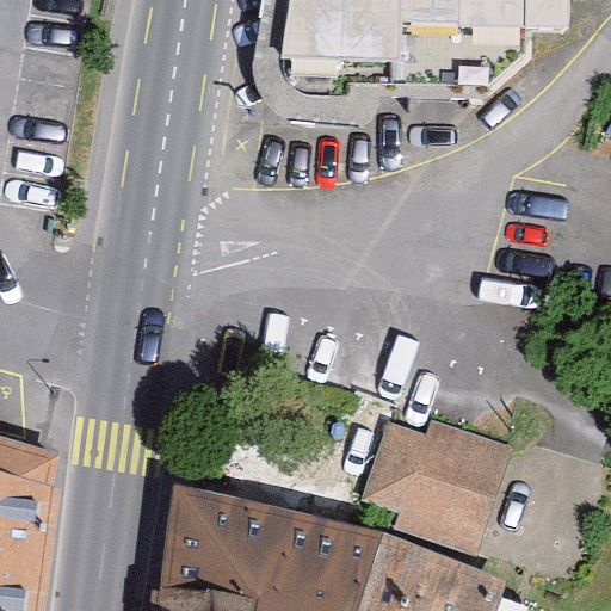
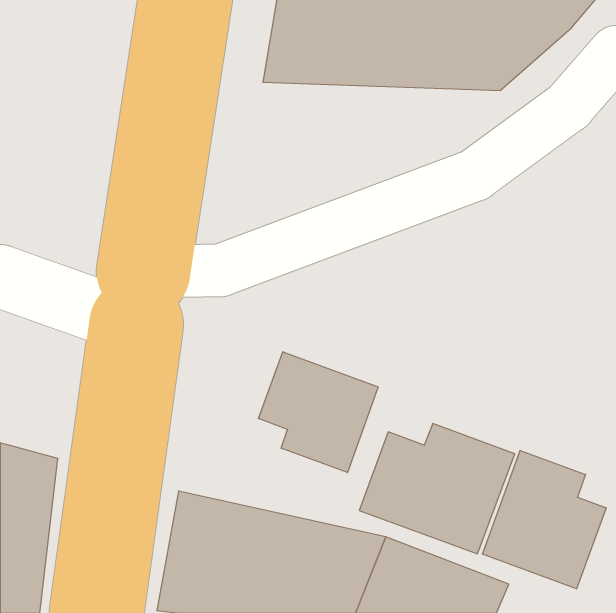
building: none -> [258,352,378,473]
building: none -> [482,450,606,589]

